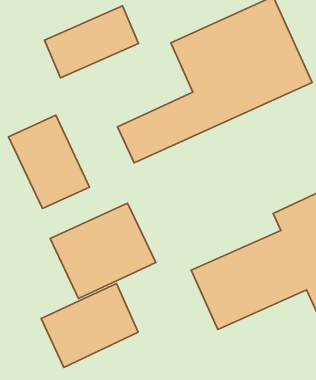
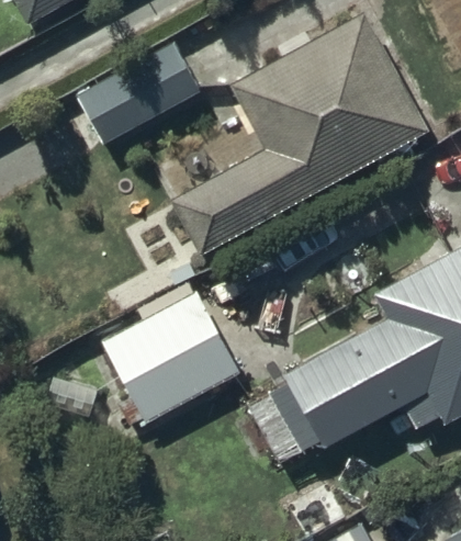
building: [8,115,90,208] -> none
building: [41,284,138,367] -> none

